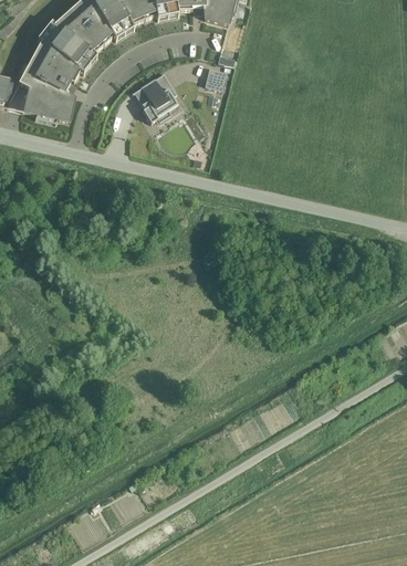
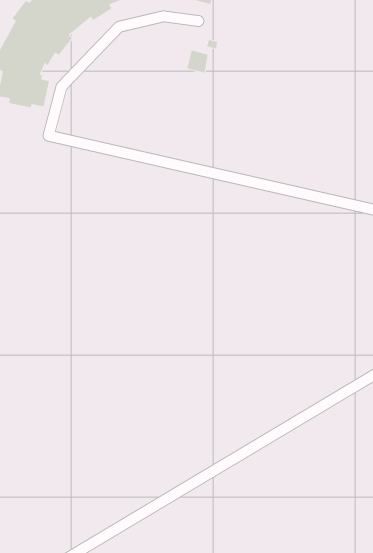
building: [132,71,177,122] -> none

